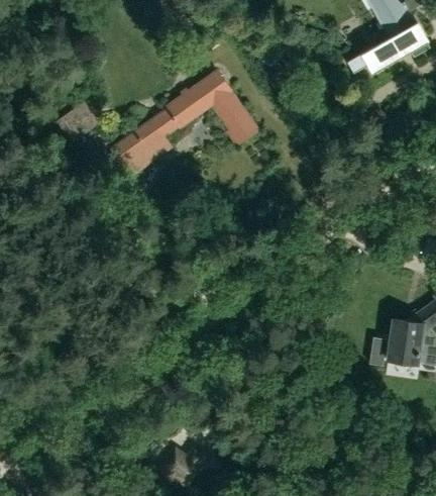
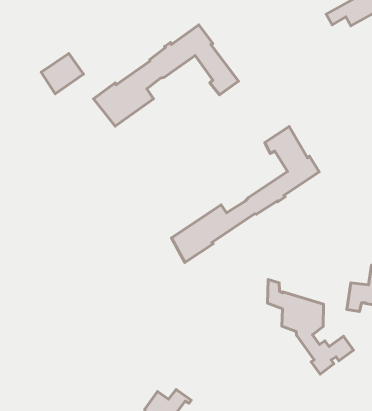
building: none -> [172,126,319,262]
building: none -> [267,279,354,374]

